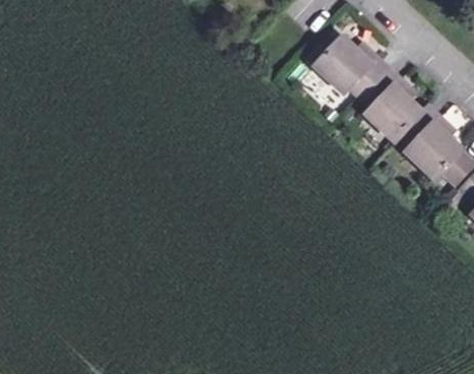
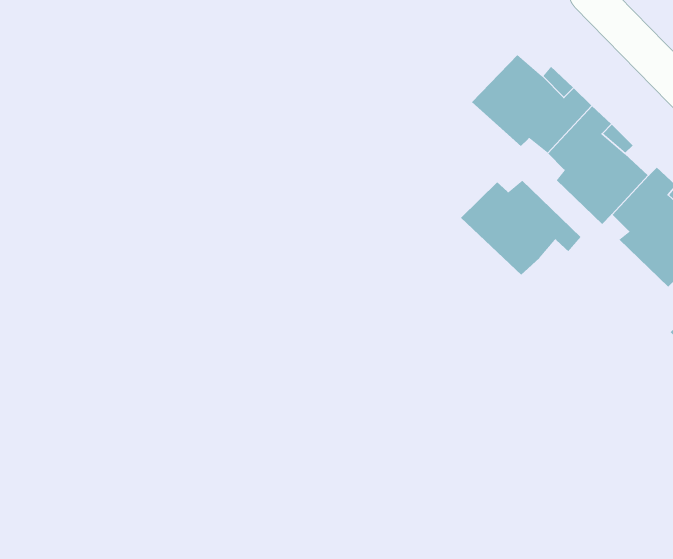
building: none -> [460,180,582,276]

